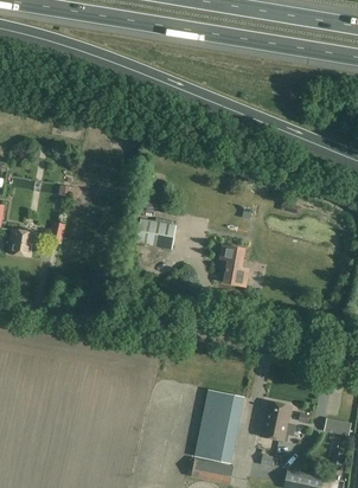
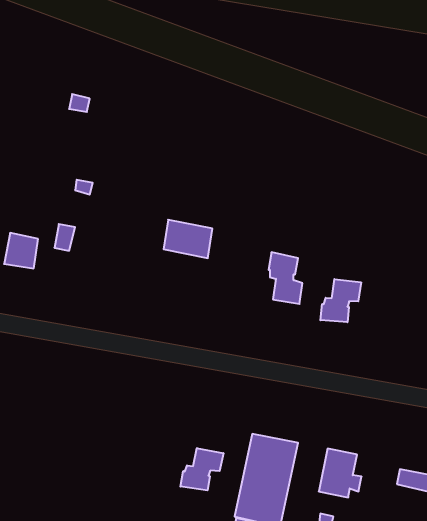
building: none -> [320,279,361,322]
building: none -> [180,448,223,490]

